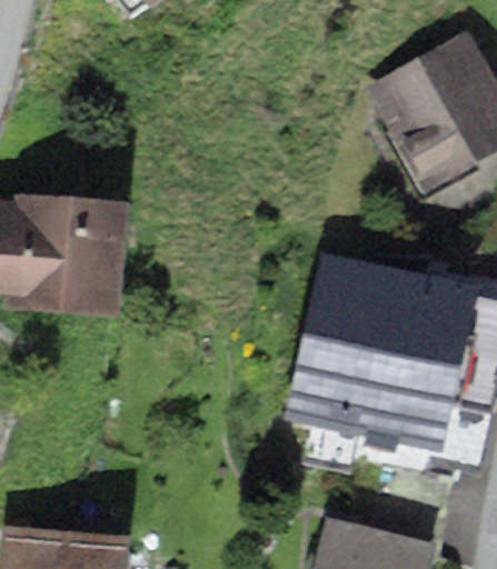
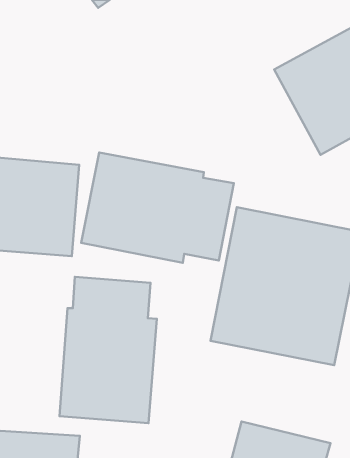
building: none -> [81,152,234,263]
building: none -> [59,277,157,423]

